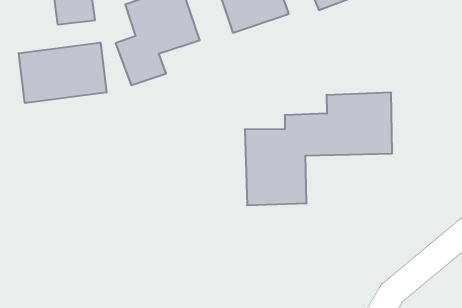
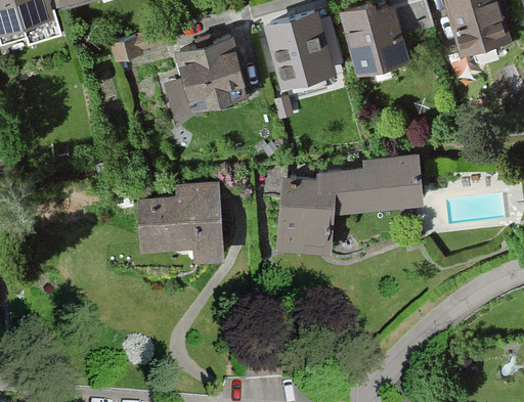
building: [19,42,107,103] -> none
building: none -> [136,185,223,264]

